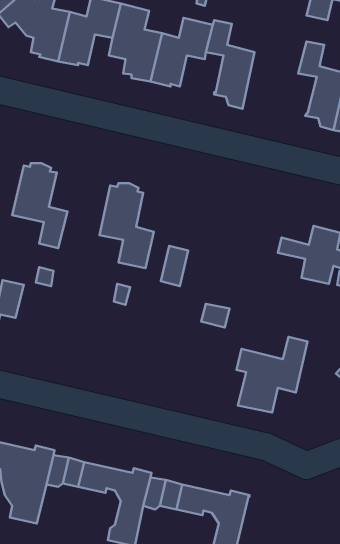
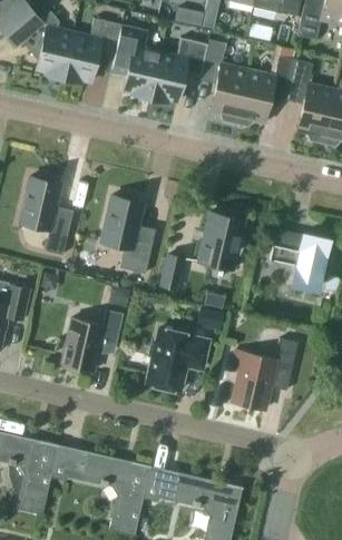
building: none -> [236,55,296,125]
building: none -> [198,212,244,268]
building: none -> [61,310,123,370]
building: none -> [147,327,207,390]

